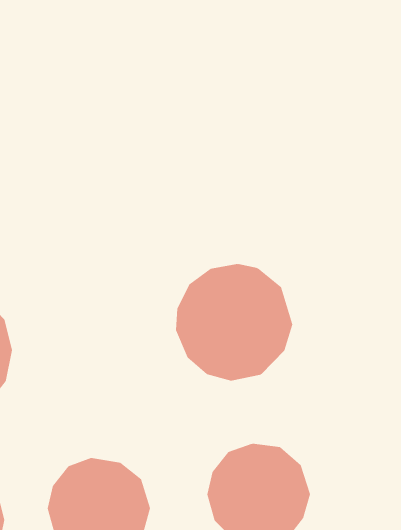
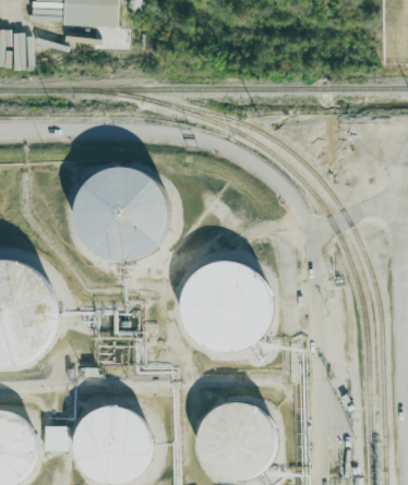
building: none -> [72,166,172,266]
building: none -> [43,426,67,451]

